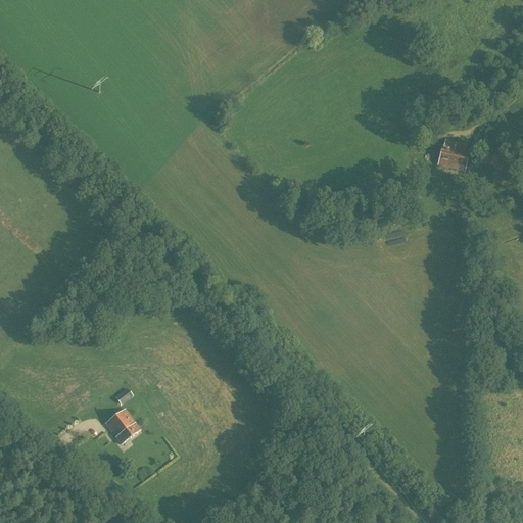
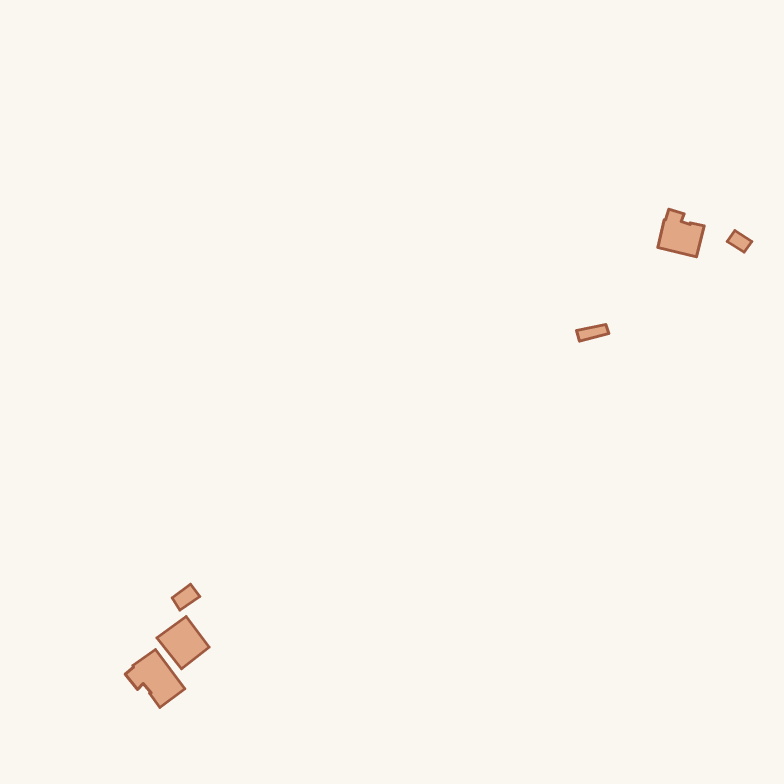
building: none -> [125,650,185,707]

